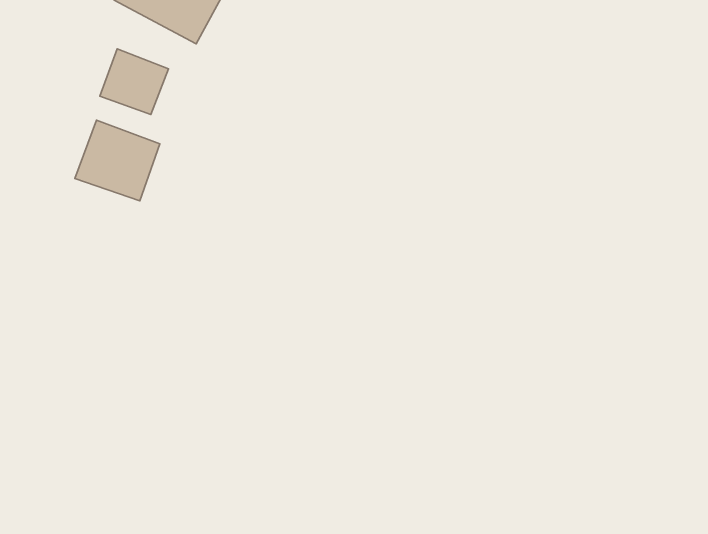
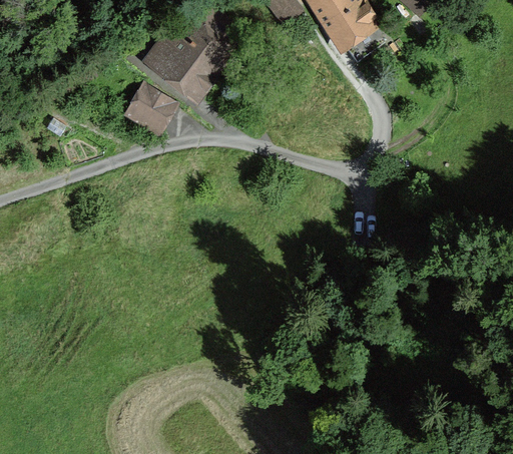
building: [75,120,160,201] -> none

